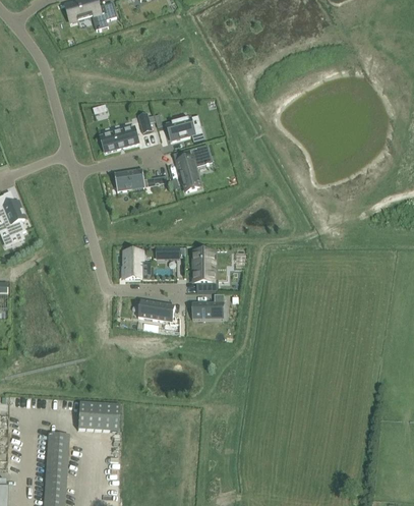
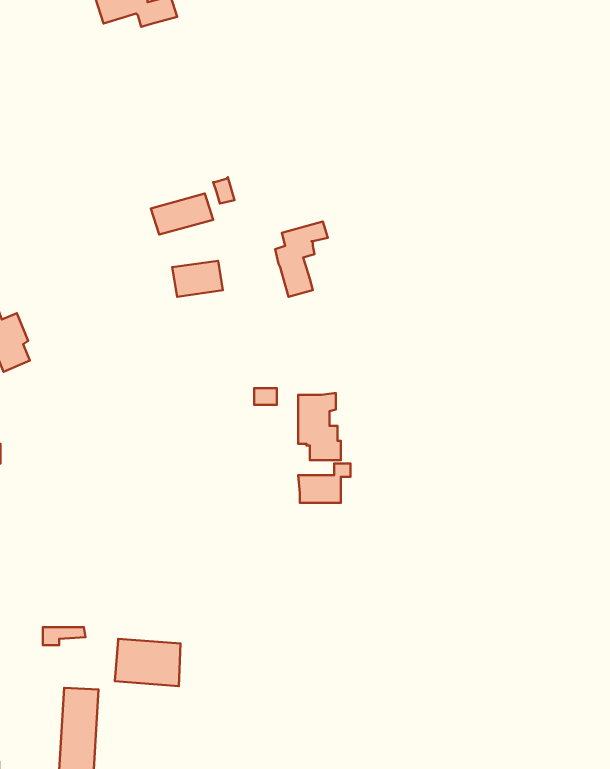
building: [166,117,204,142] -> none
building: [124,251,150,279] -> none
building: [137,300,175,322] -> none

